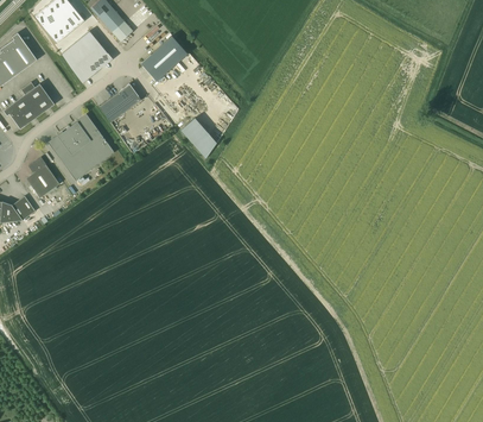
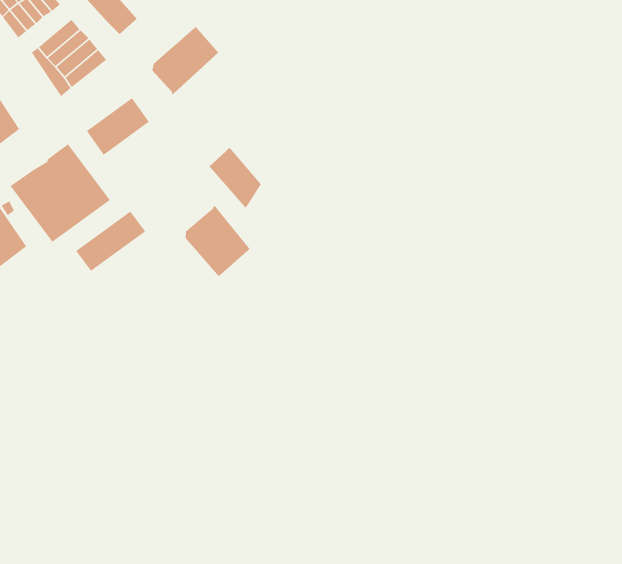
building: none -> [185,205,250,277]
building: none -> [75,211,146,272]

